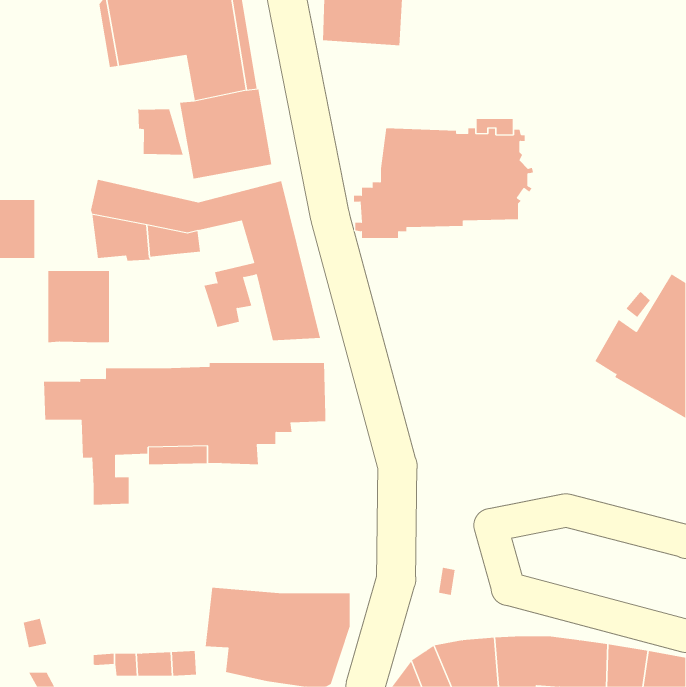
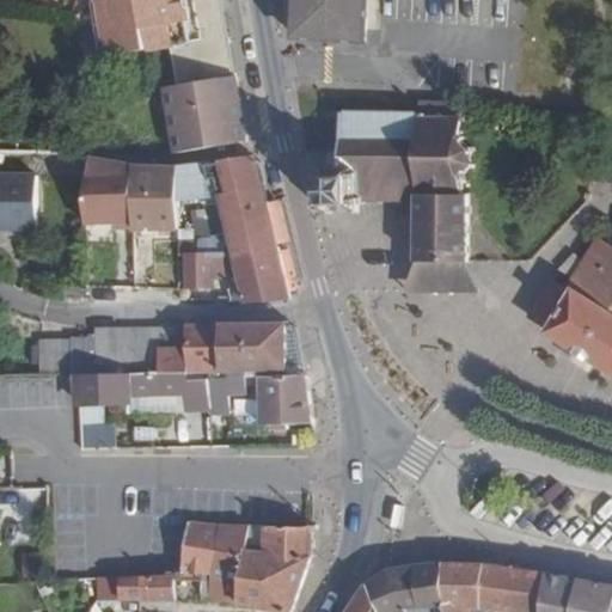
building: [138,108,184,155] -> none
building: none -> [403,195,473,292]
building: [48,270,110,344] -> none
building: none -> [258,374,312,423]

